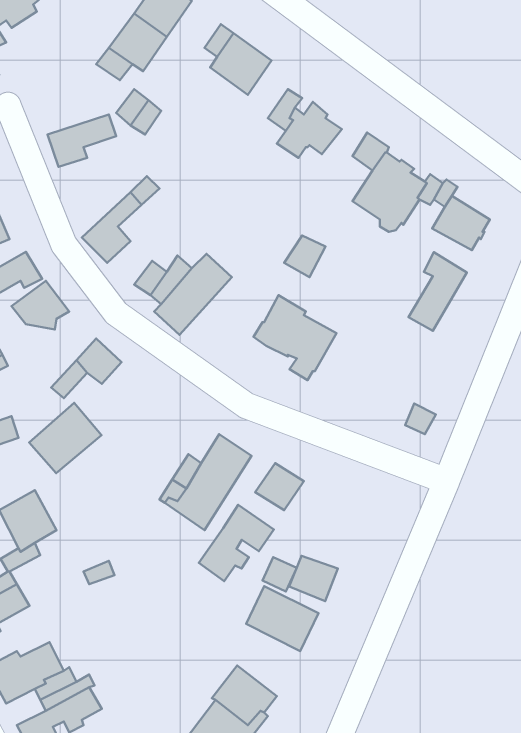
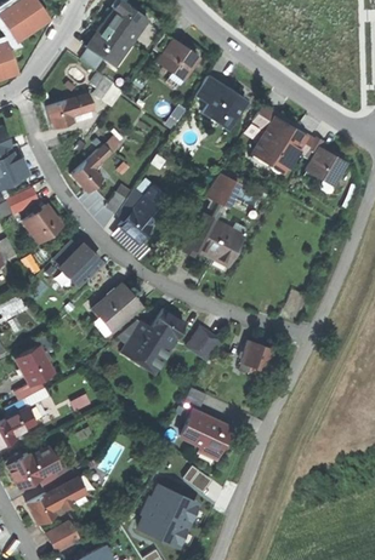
building: [409,252,467,331] -> none
building: [29,403,101,473] -> [92,284,141,331]
building: [199,505,274,581] -> none
building: [289,556,338,601] -> [240,341,273,371]

